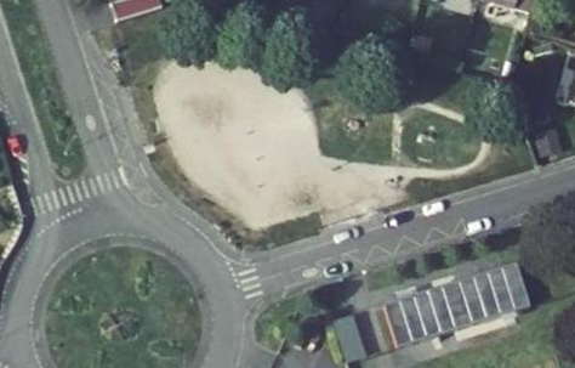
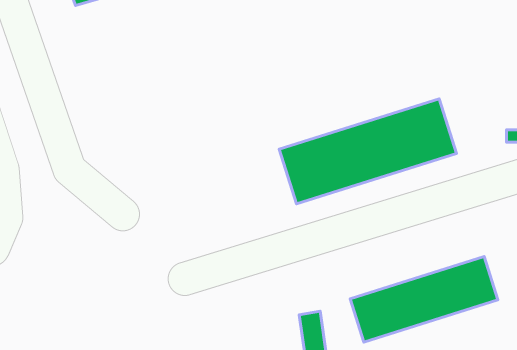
building: none -> [279,99,457,204]

